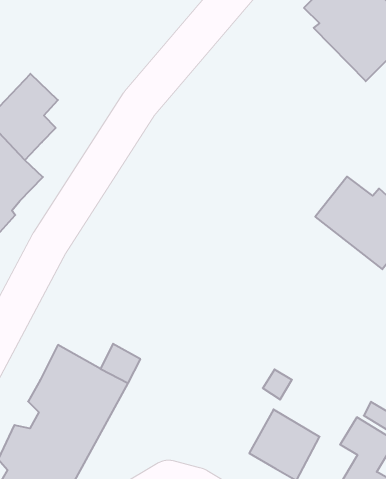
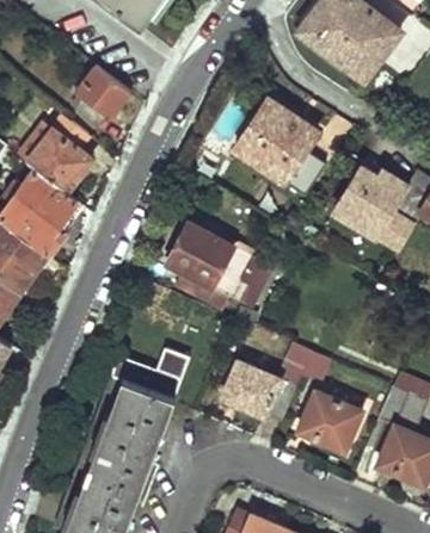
building: none -> [73,66,133,124]
building: none -> [226,99,321,194]
building: none -> [162,222,269,308]
building: none -> [220,358,296,422]

